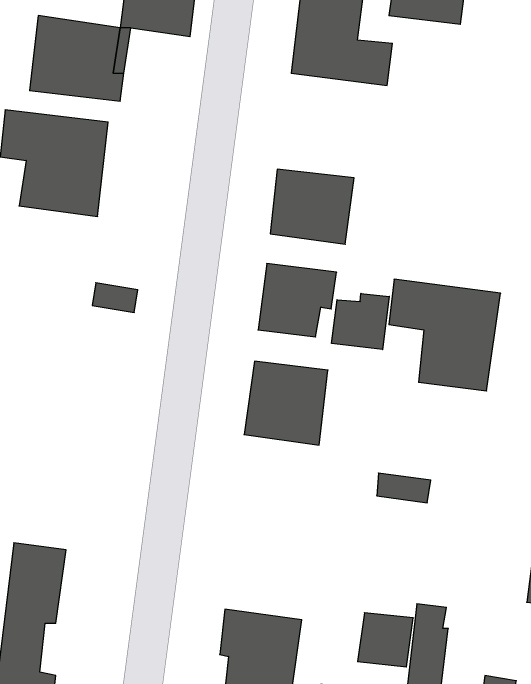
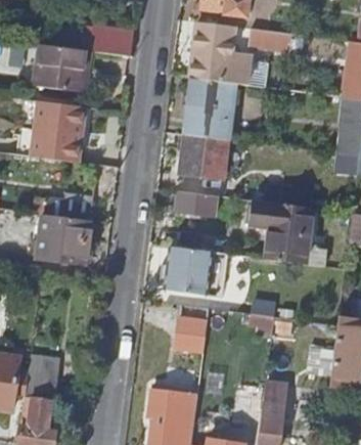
building: none -> [184,77,239,139]
building: [332,293,389,350] -> none
building: none -> [39,213,91,261]
building: none -> [176,318,208,352]

